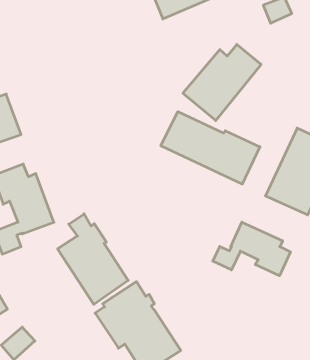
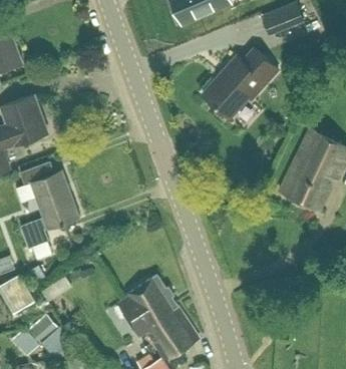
building: [161,112,260,184] -> none
building: [58,214,128,304] -> none
building: [213,222,290,276] -> none

